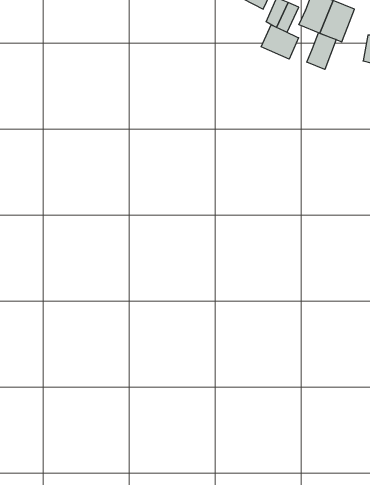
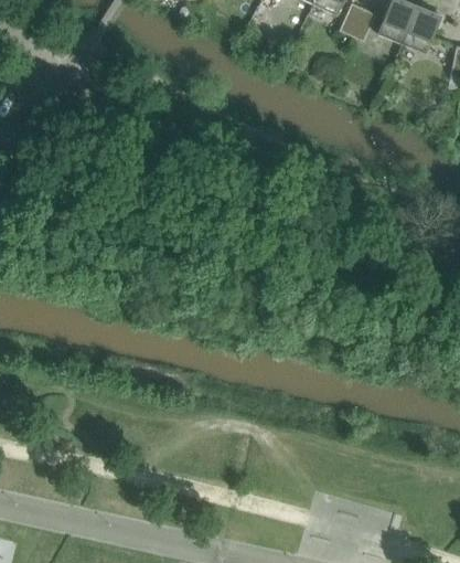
building: [261,25,299,59] -> none
building: [307,33,336,69] -> none

